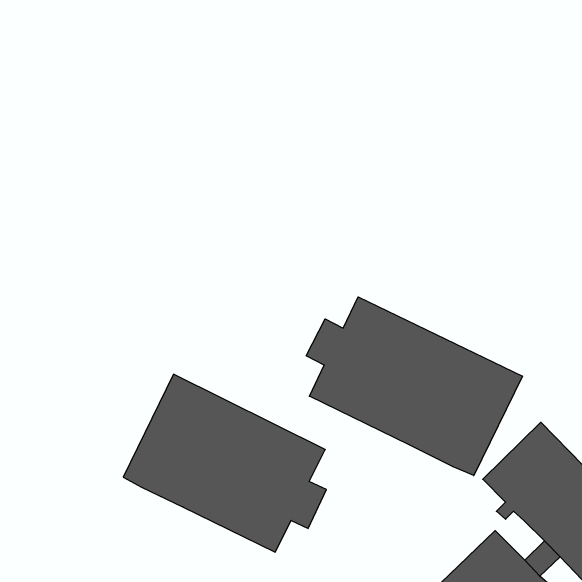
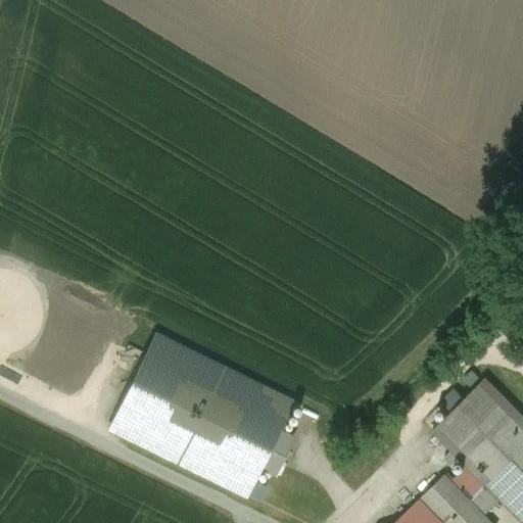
building: [306,297,522,476] -> none
building: none -> [453,467,488,503]

